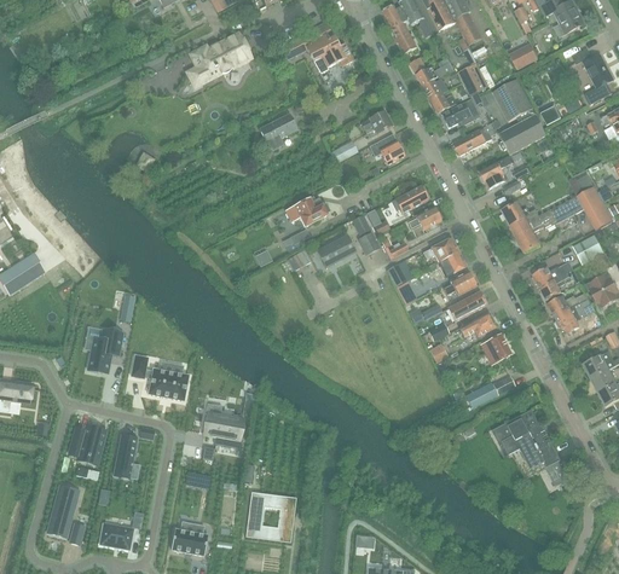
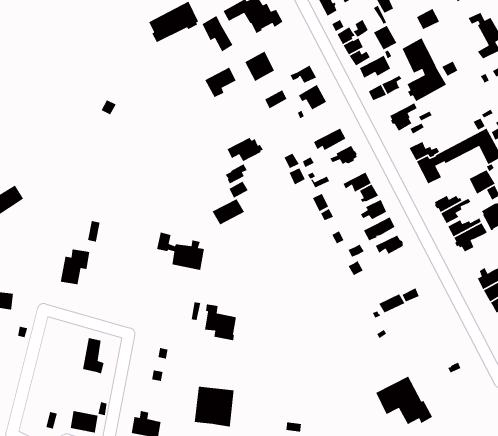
building: none -> [201,15,233,52]
building: none -> [244,51,275,82]
building: [316,233,355,266] -> [212,198,245,226]
building: [479,334,510,364] -> none
building: [129,353,187,400] -> [156,231,205,271]
building: [204,402,243,447] -> [204,304,237,341]
building: [491,408,560,468] -> [375,375,433,425]
building: [68,424,105,459] -> none
building: [46,485,77,535] -> none

